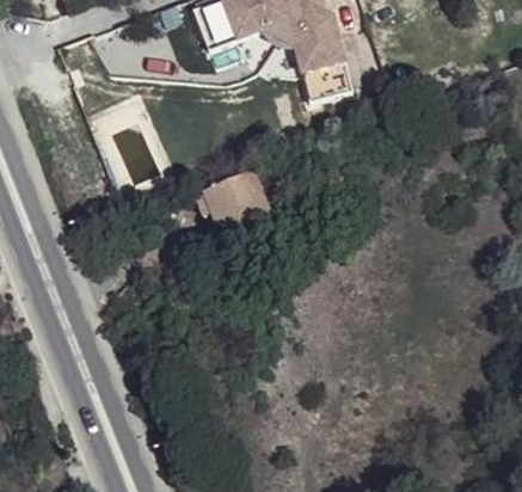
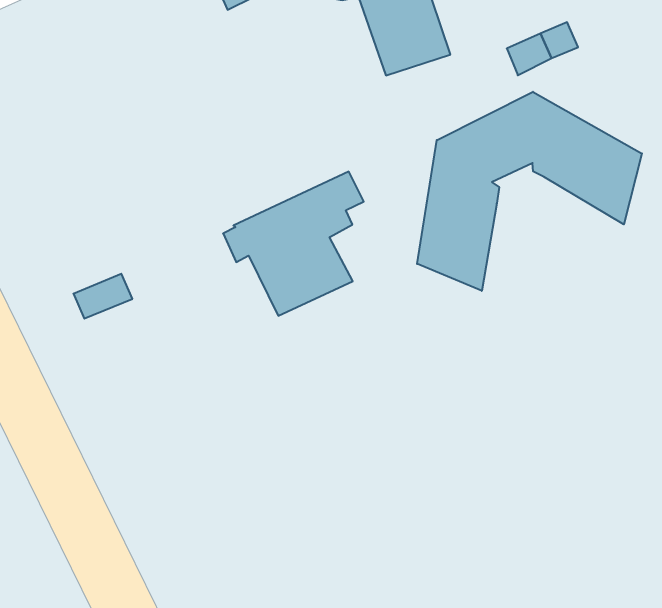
building: none -> [417,92,642,291]

